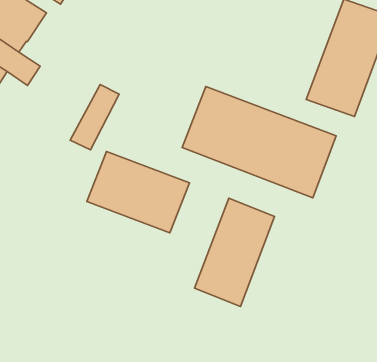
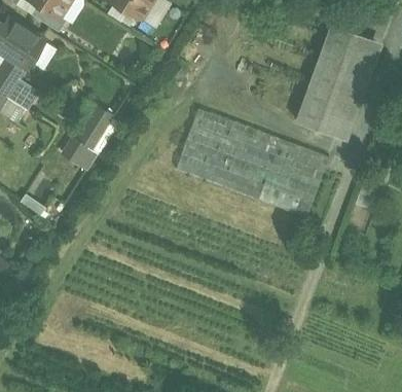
building: [87,151,189,233] -> none
building: [195,198,275,306] -> none

